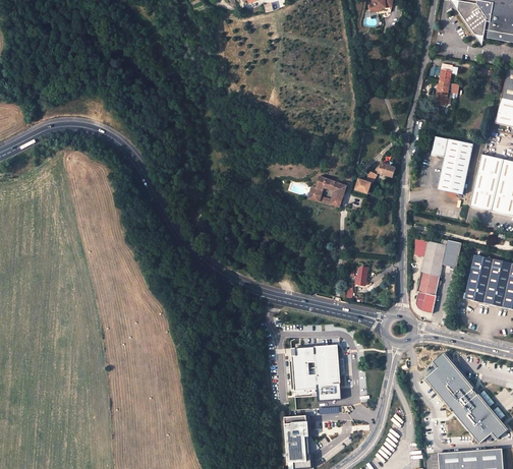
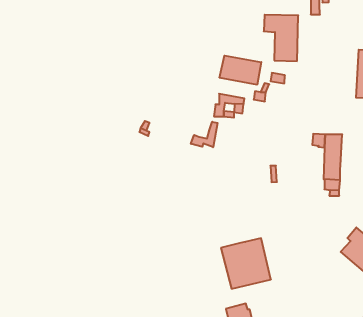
building: none -> [220,56,261,85]
building: [431,136,472,194] -> [264,15,298,61]
building: none -> [191,122,218,147]

